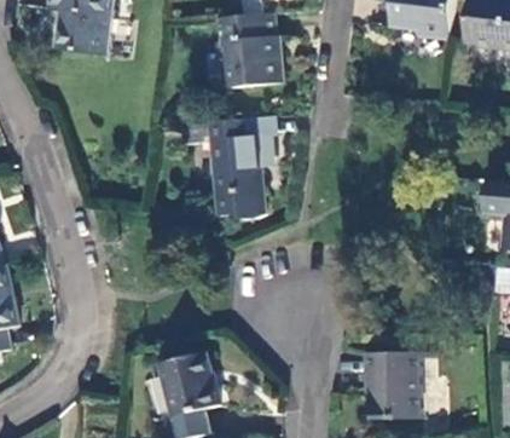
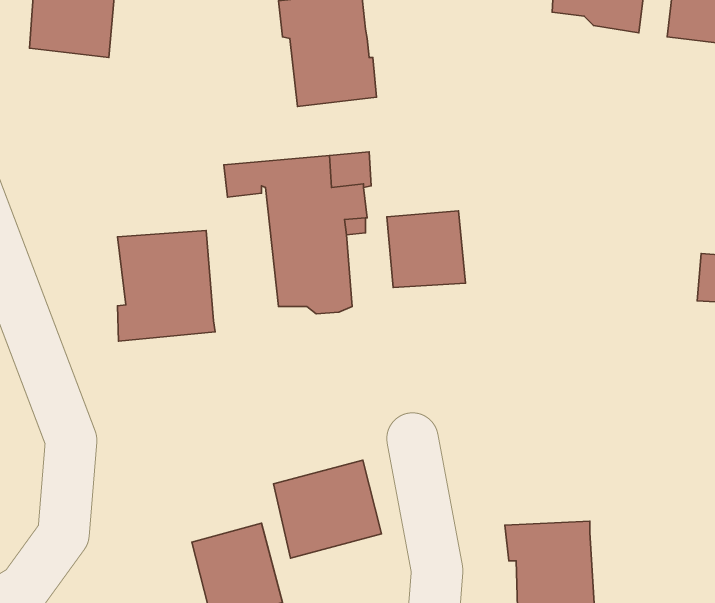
building: none -> [387,211,466,287]
building: none -> [117,230,215,341]
building: none -> [274,460,382,558]

